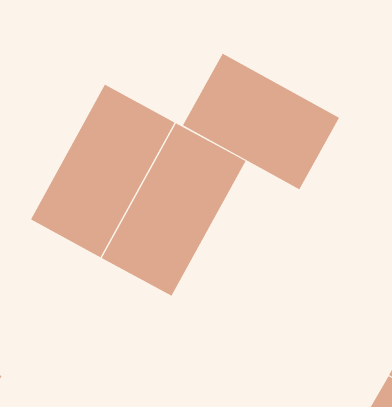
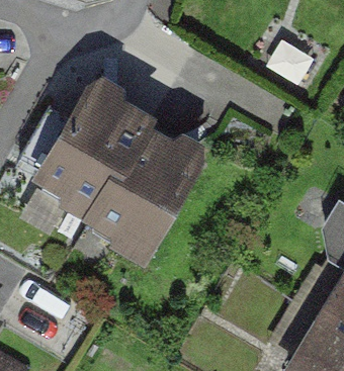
building: [182,53,340,190] -> none

